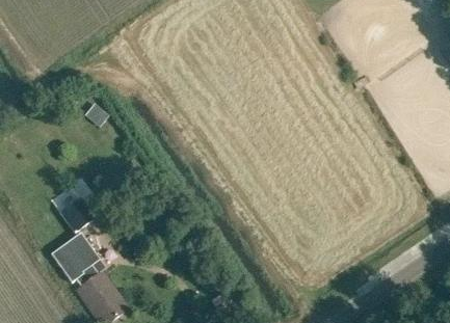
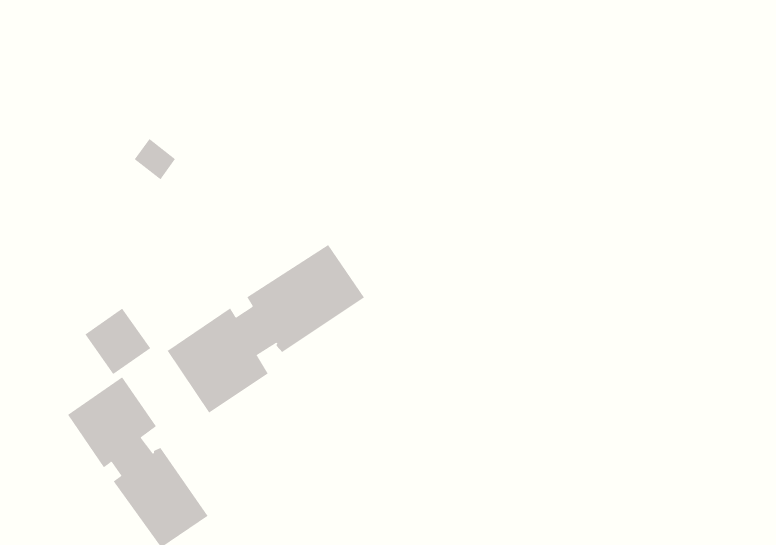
building: none -> [167,244,365,414]

